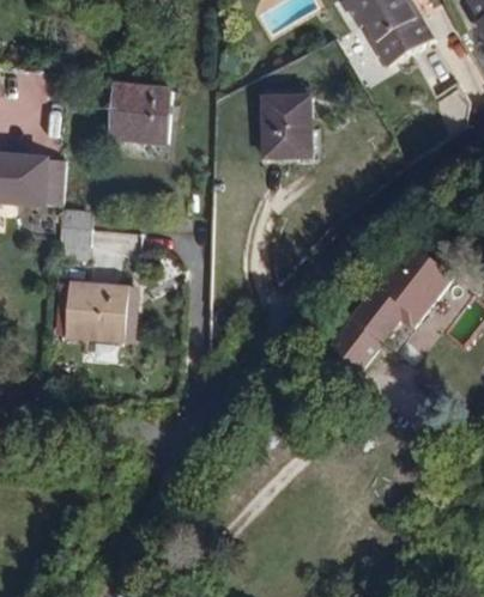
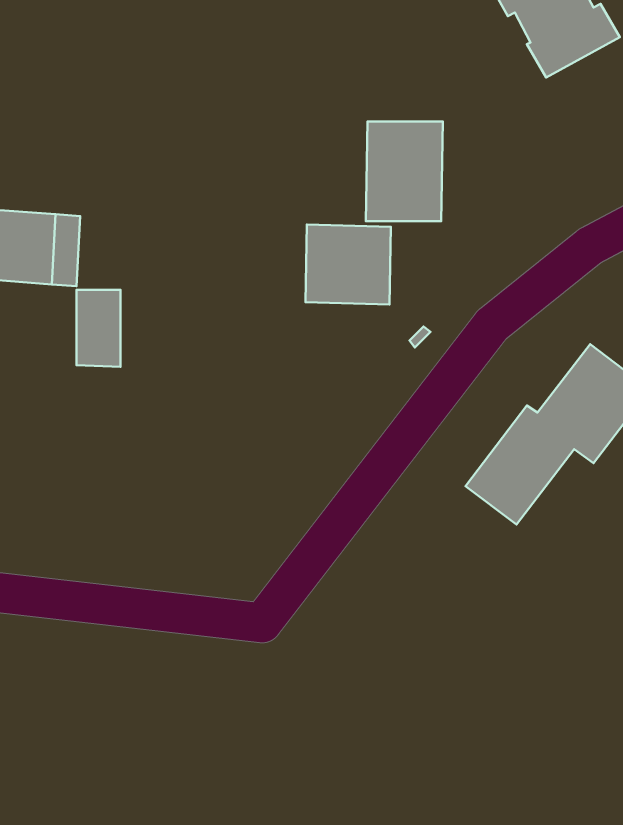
building: [105,83,170,144] -> none
building: none -> [306,224,391,305]
building: [62,278,126,339] -> none

